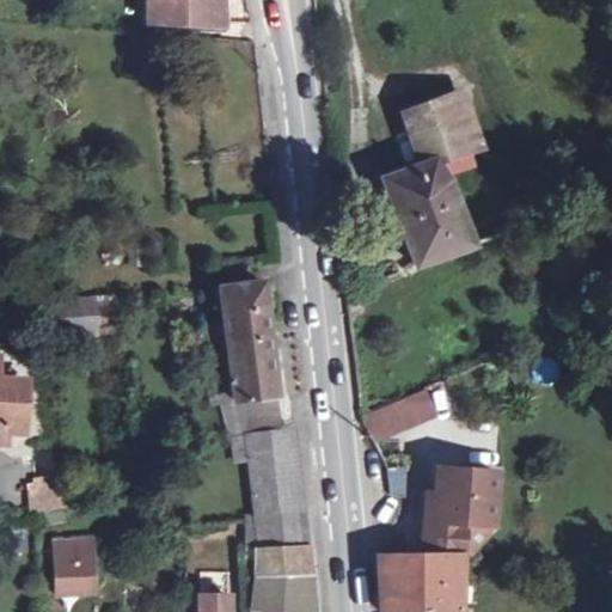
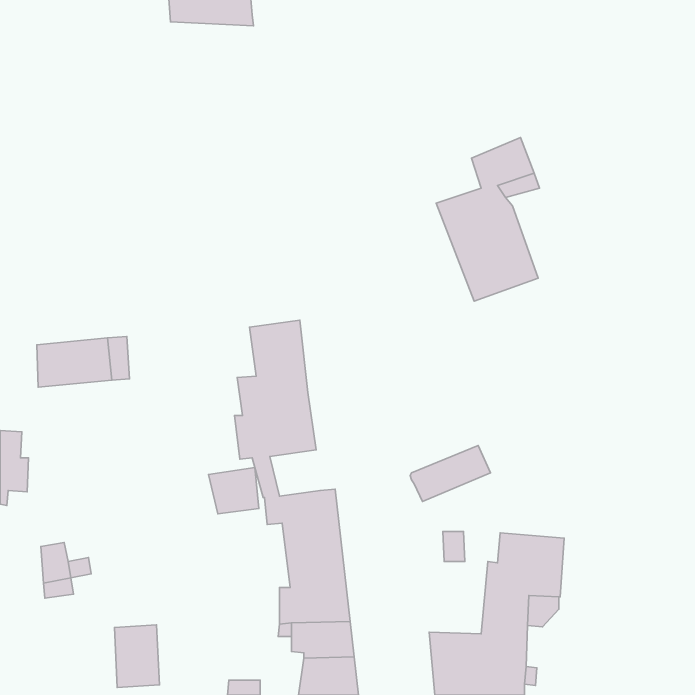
building: [404,94,458,139] -> none
building: [238,394,282,435] -> [208,468,259,514]
building: [55,539,94,594] -> [114,625,159,687]

